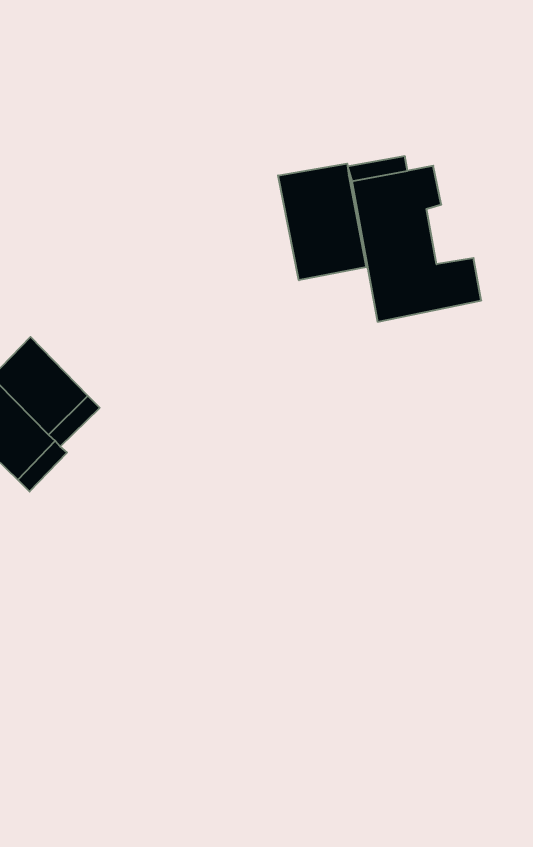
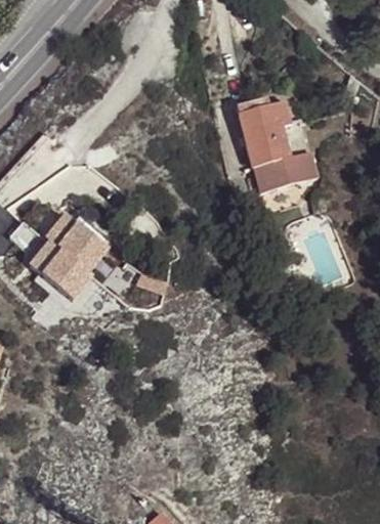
building: [278,164,366,280] -> none

